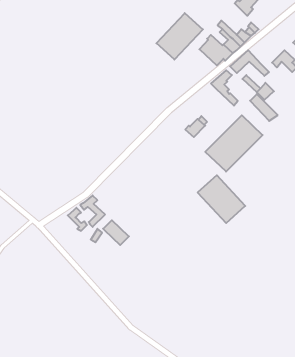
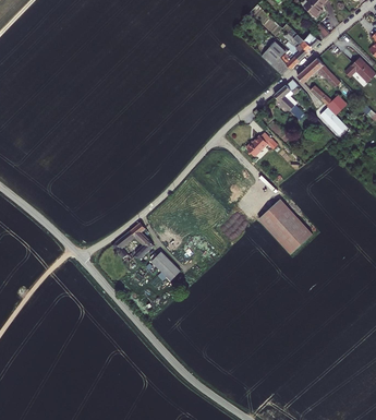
building: [156,13,203,60] -> none
building: [205,115,263,172] -> none

